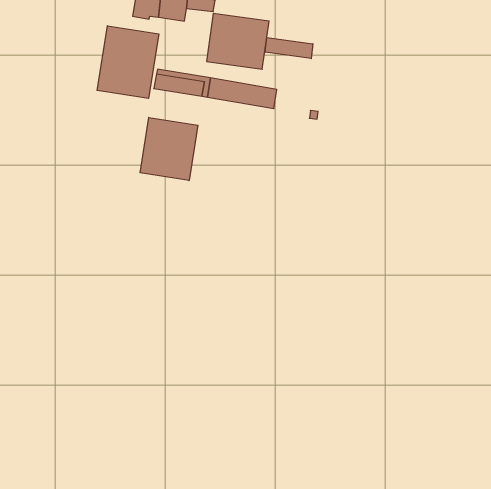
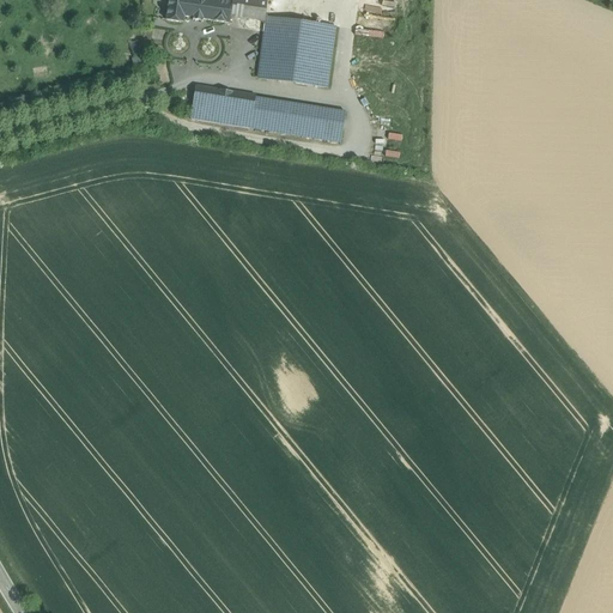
building: [97,26,159,98] -> none
building: [265,37,313,59] -> none
building: [140,117,198,181] -> none

